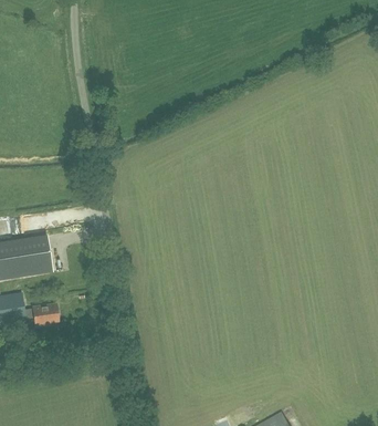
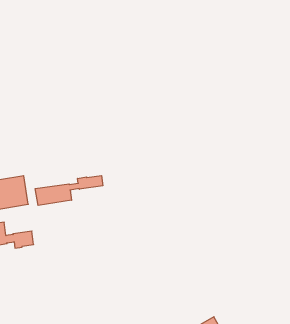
building: none -> [35,176,103,205]

